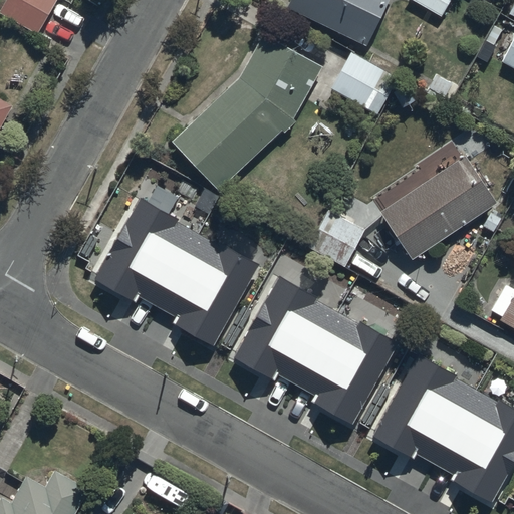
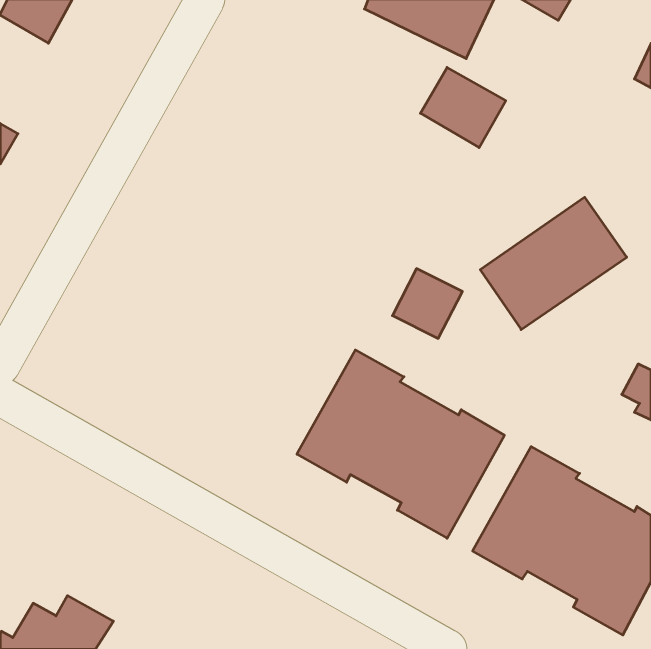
building: [173,34,323,191] -> none
building: [94,197,259,344] -> none

